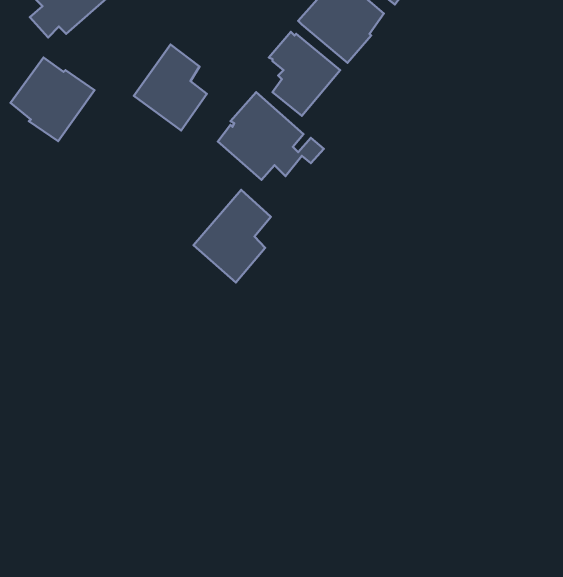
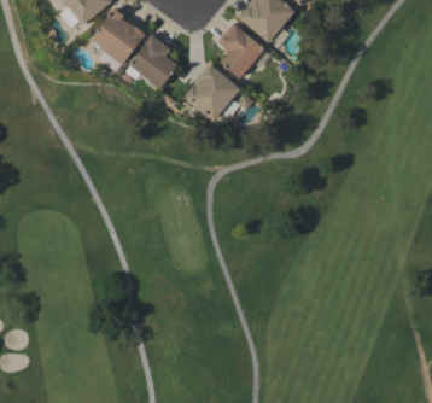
building: [11,57,95,141] -> [91,8,146,64]
building: [193,190,271,282] -> none

